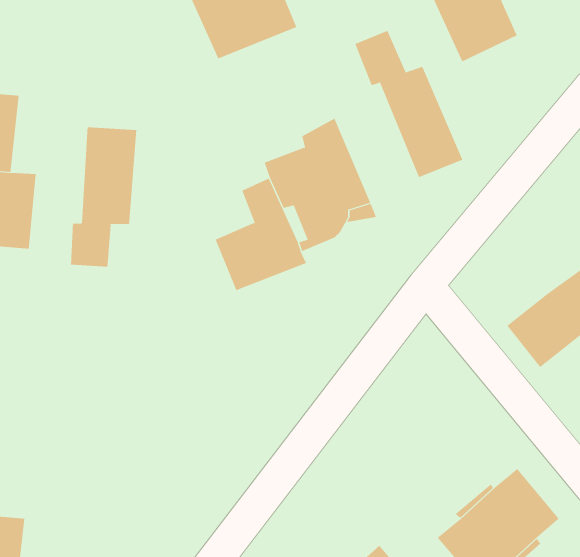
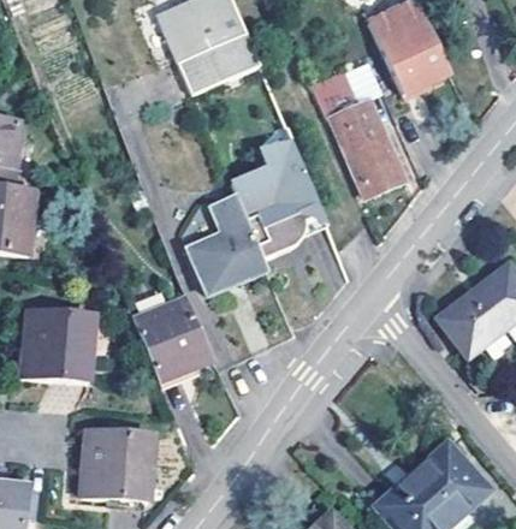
building: [70,127,137,267] -> none
building: none -> [135,297,212,380]
building: none -> [20,313,93,382]
building: none -> [81,432,153,501]

